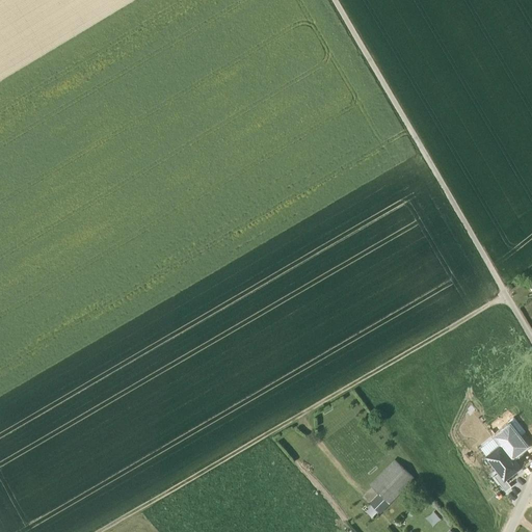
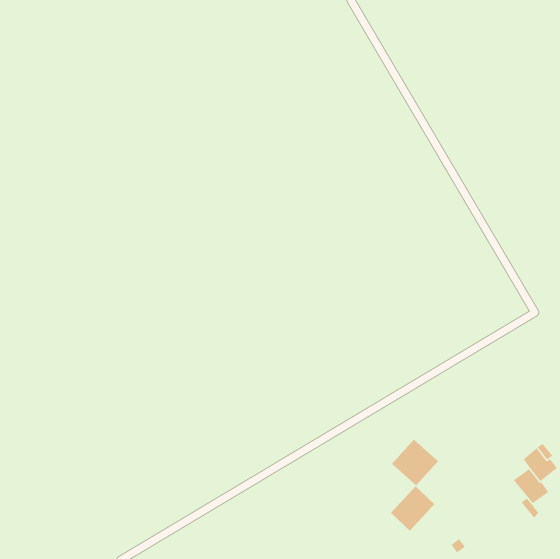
building: none -> [391,439,439,486]

